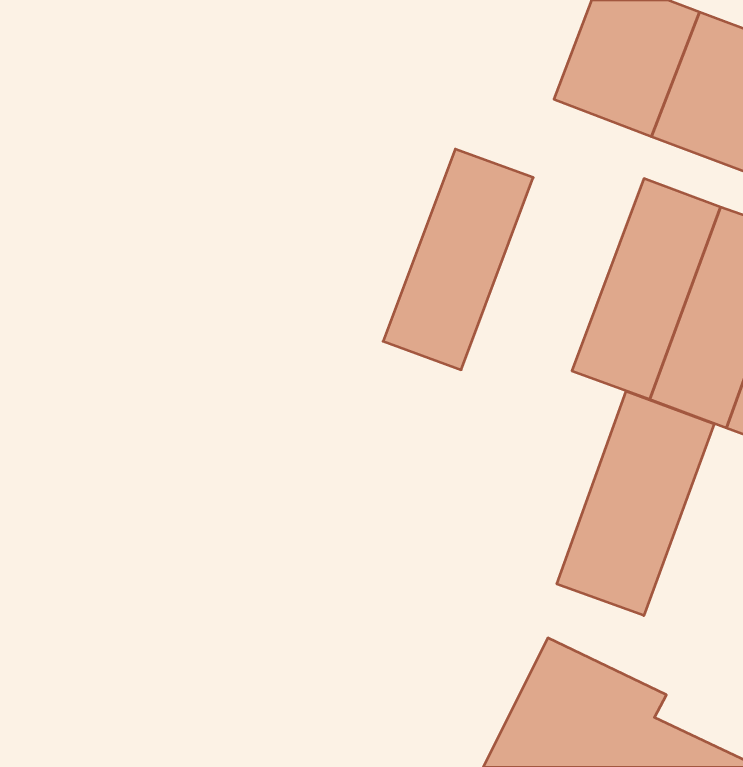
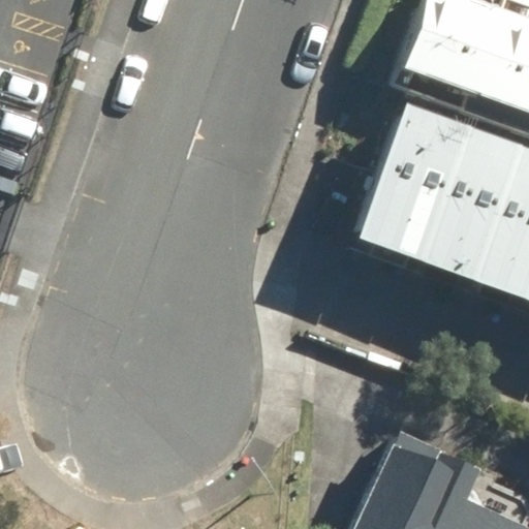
building: [383,149,533,370] -> [356,103,460,255]
building: [557,391,714,616] -> none

